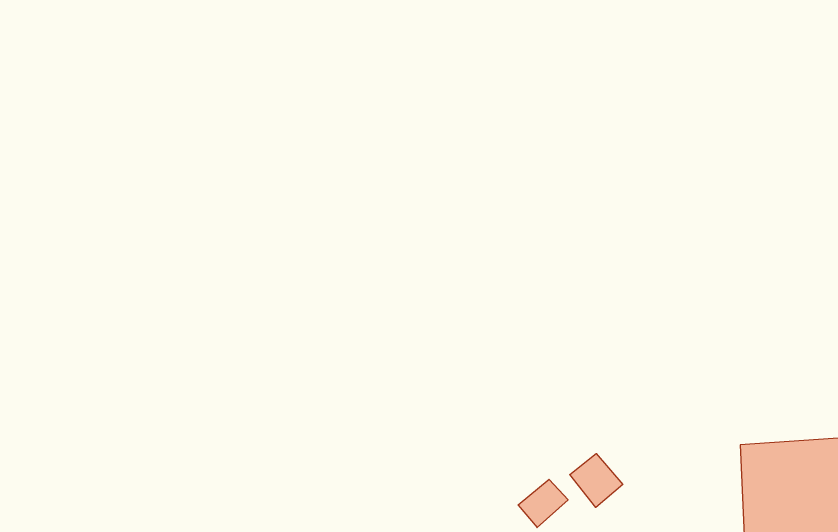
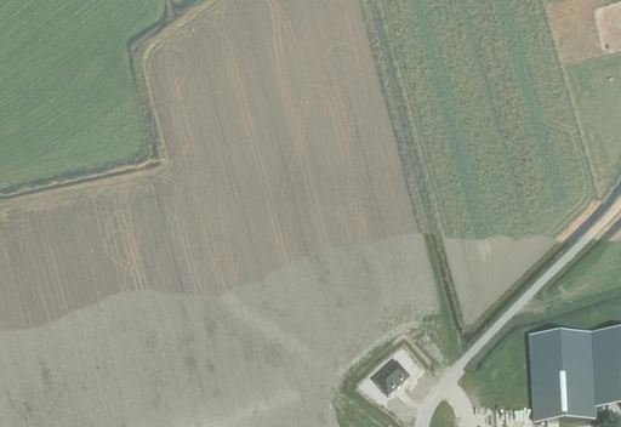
building: [570,454,623,507] -> none

